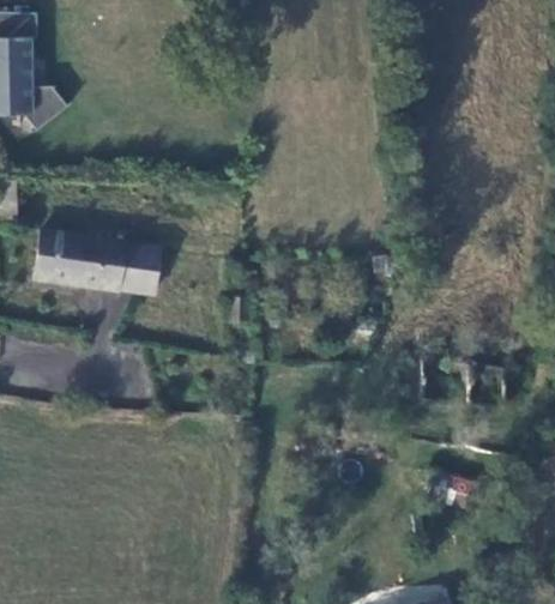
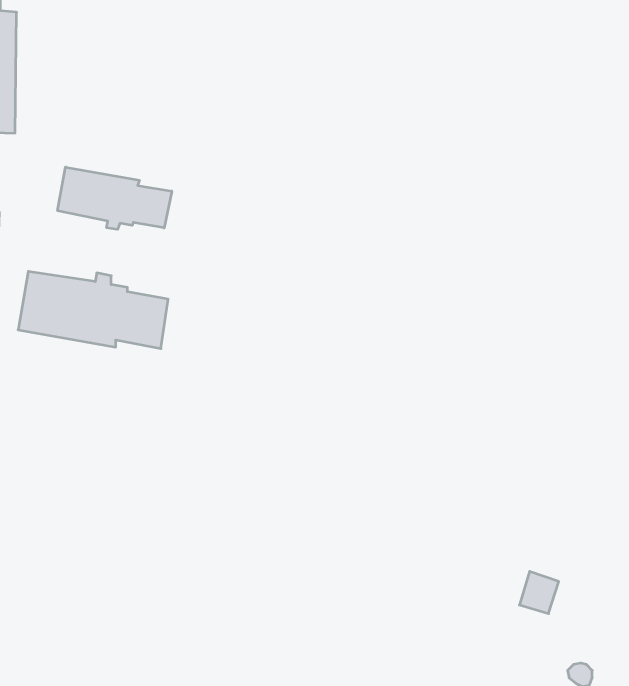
building: none -> [58,167,172,229]

